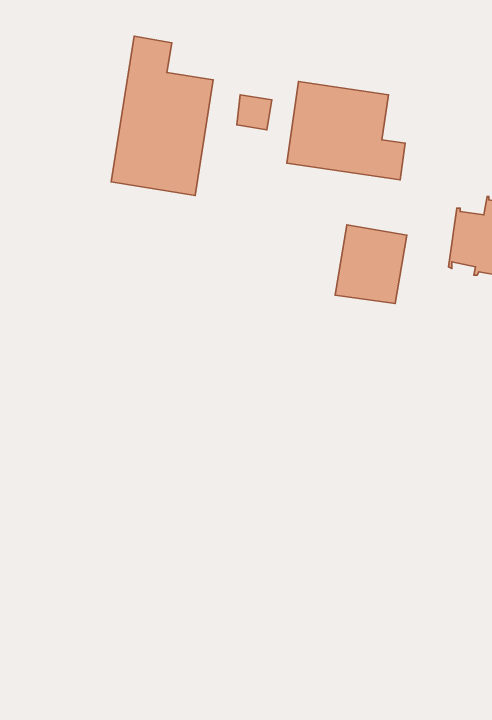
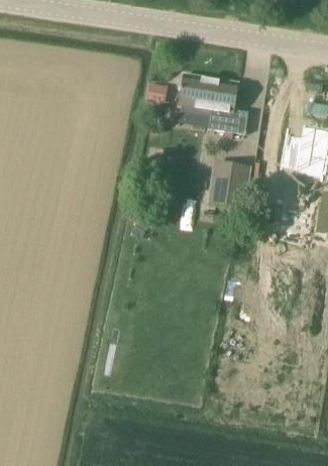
building: [111,36,213,196] -> none

